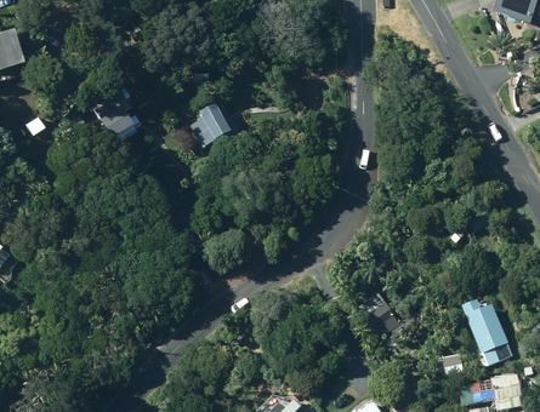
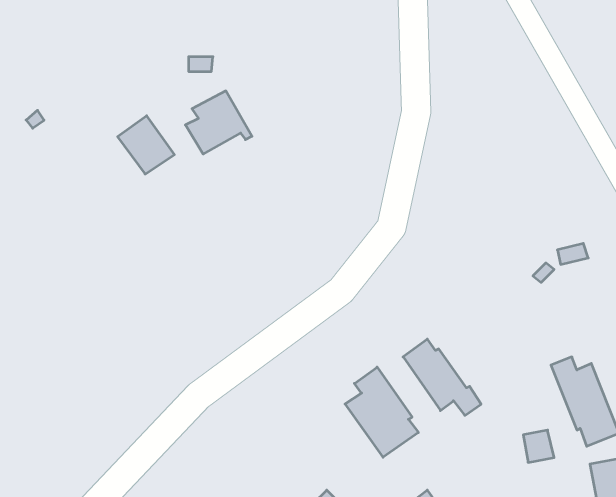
building: [92,92,135,136] -> [118,116,174,174]
building: none -> [345,367,418,457]

